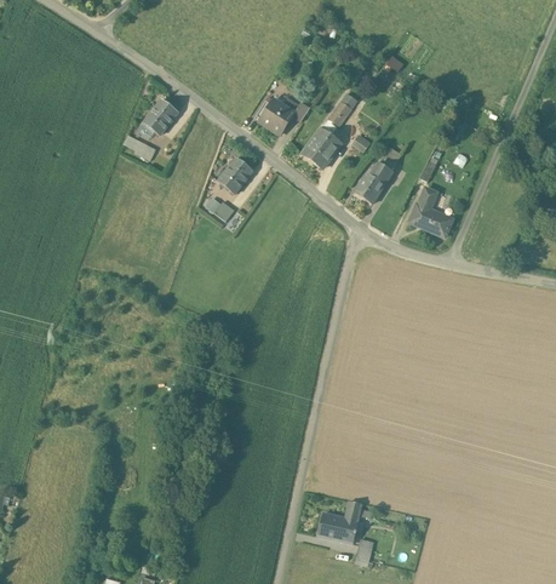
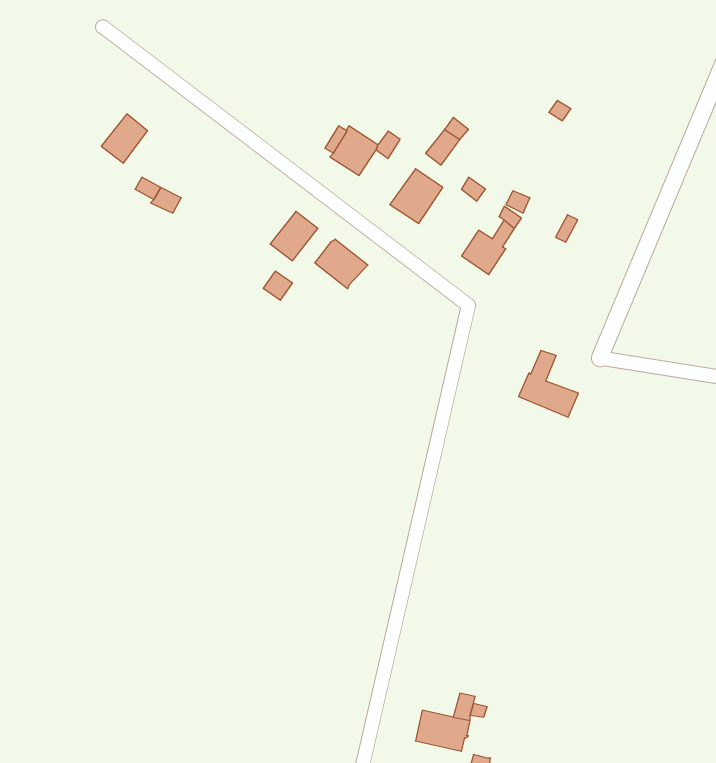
building: [142,101,174,136] -> [101,114,147,163]
building: none -> [315,239,368,289]
building: [409,188,452,235] -> [519,350,578,417]

